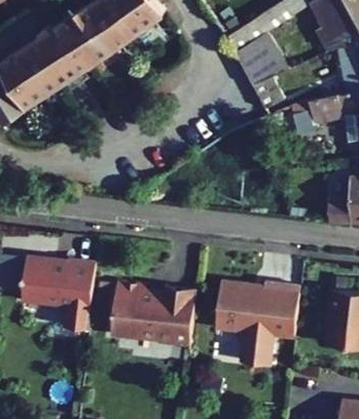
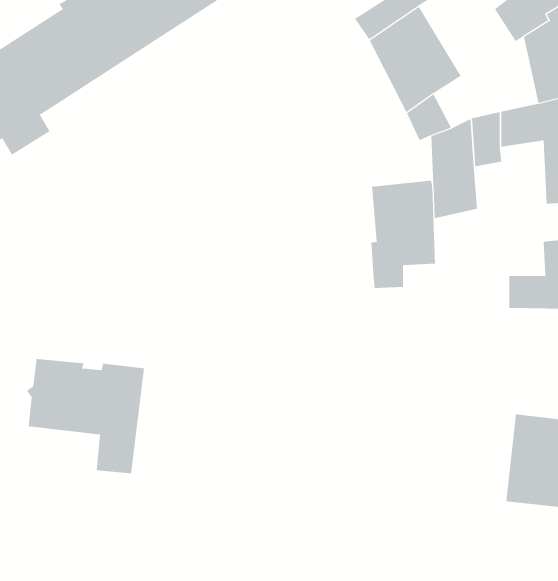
building: none -> [371,180,436,289]
building: [110,281,196,347] -> none
building: [216,281,300,367] -> none

